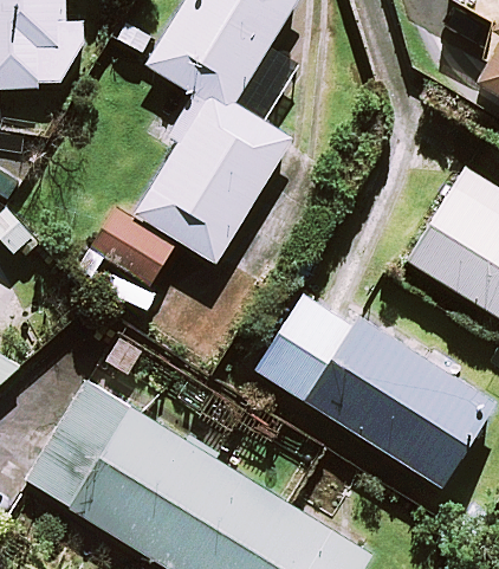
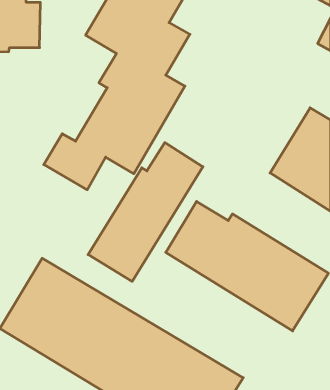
building: none -> [88,143,203,281]

